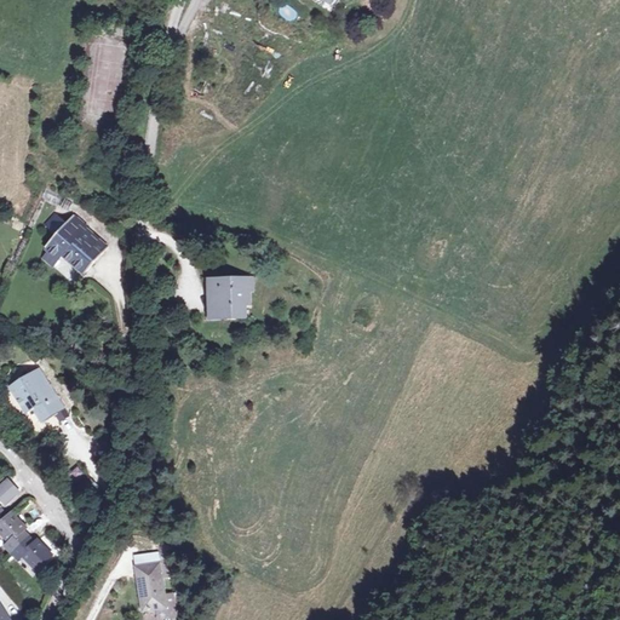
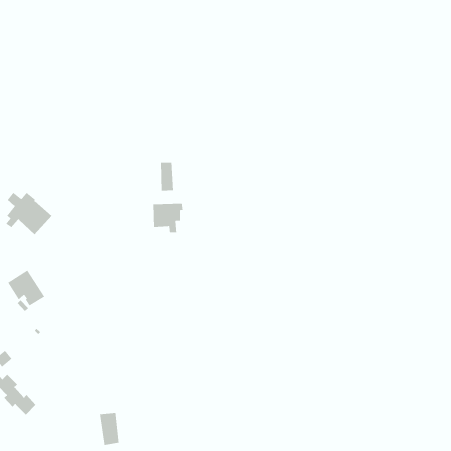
building: [42,213,107,272] -> [5,192,52,235]
building: none -> [160,162,174,192]

